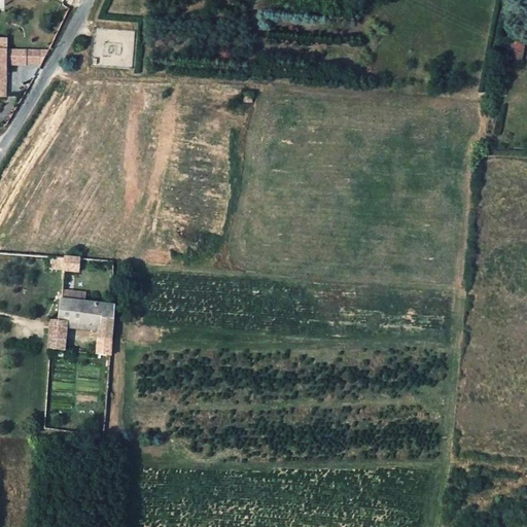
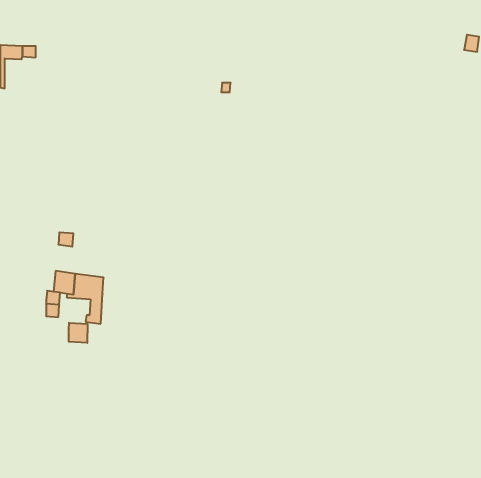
building: none -> [69,323,87,343]

